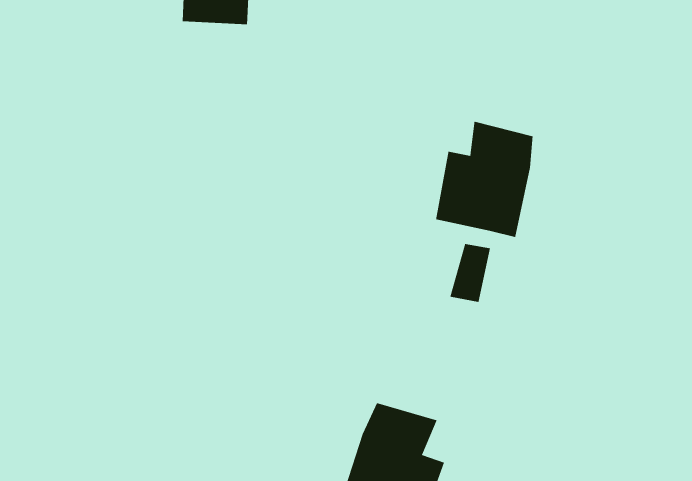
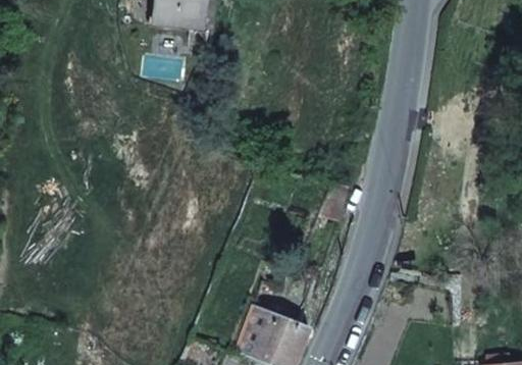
building: [436,121,533,238] -> none

